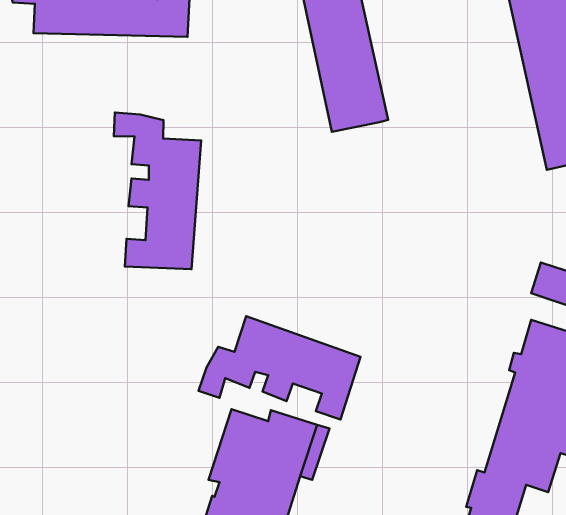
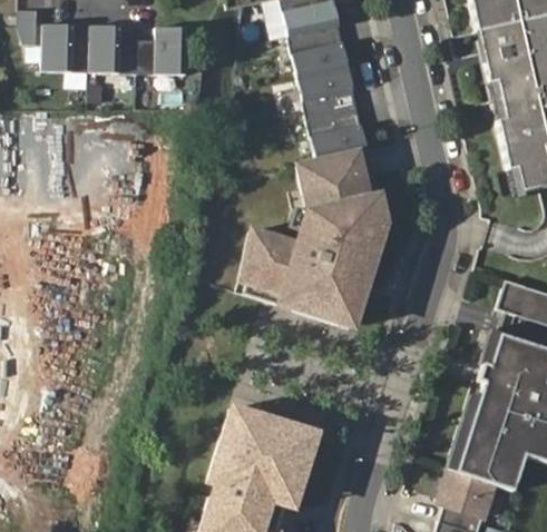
building: [114,113,201,269] -> none
building: none -> [241,152,385,331]
building: [198,316,360,419] -> none

